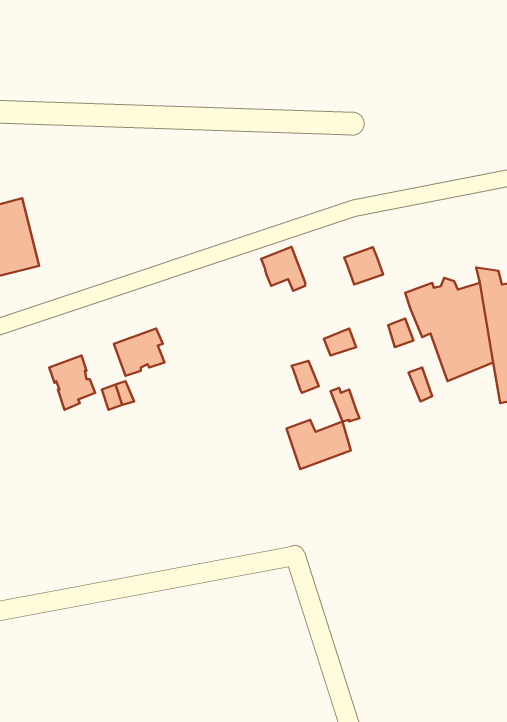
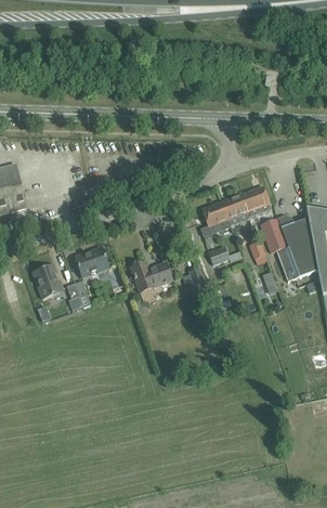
building: none -> [240,185,272,216]
building: [261,247,305,291] -> [202,200,231,229]
building: [287,420,351,469] -> [131,260,172,291]

